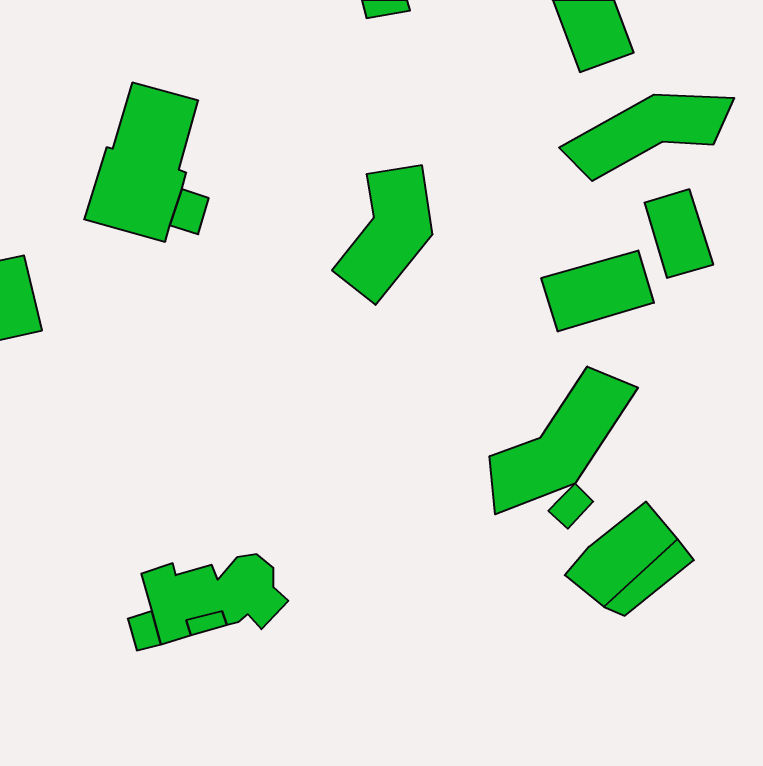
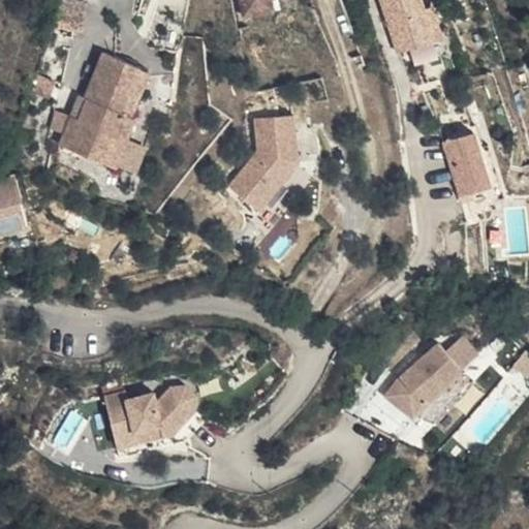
building: [559,95,734,181] -> none
building: [541,250,654,332] -> none
building: [490,366,638,514] -> none

